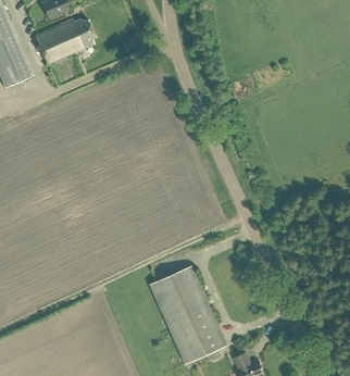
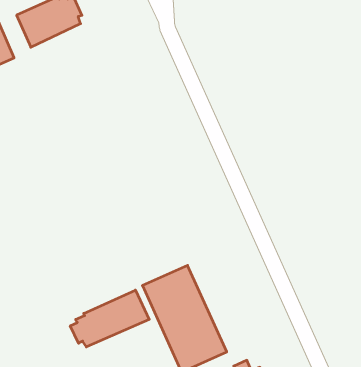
building: none -> [70,290,149,347]

